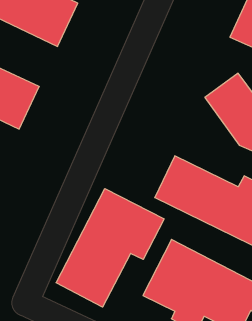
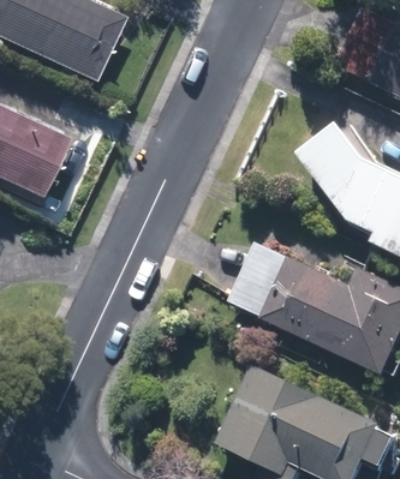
building: [56,189,164,307] -> none

